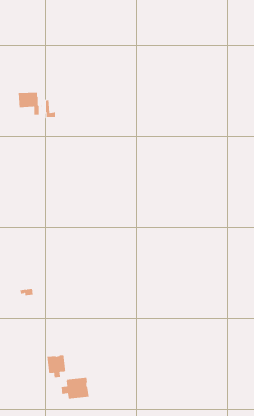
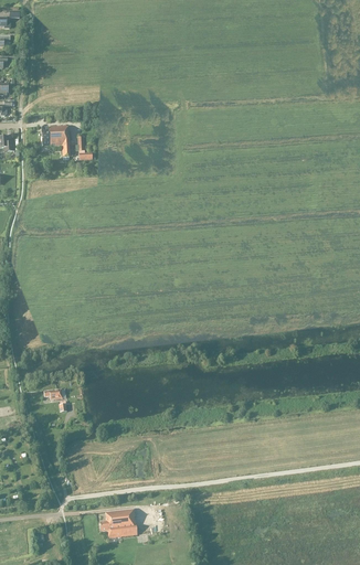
building: [47,354,66,378] -> none

